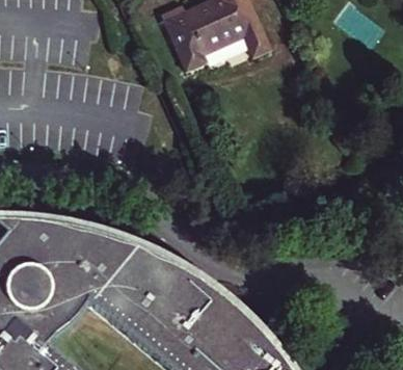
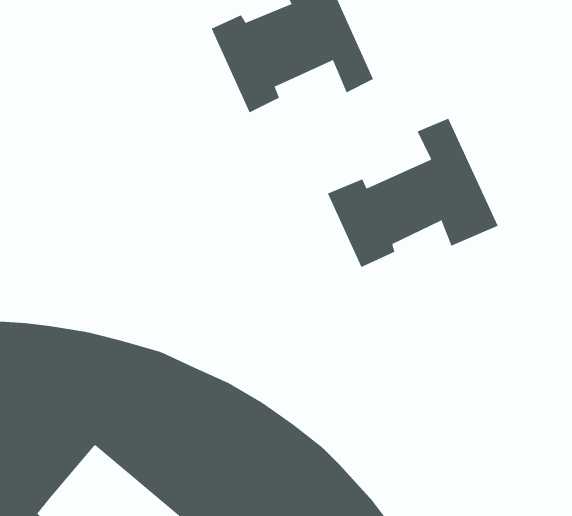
building: none -> [327,118,498,268]

